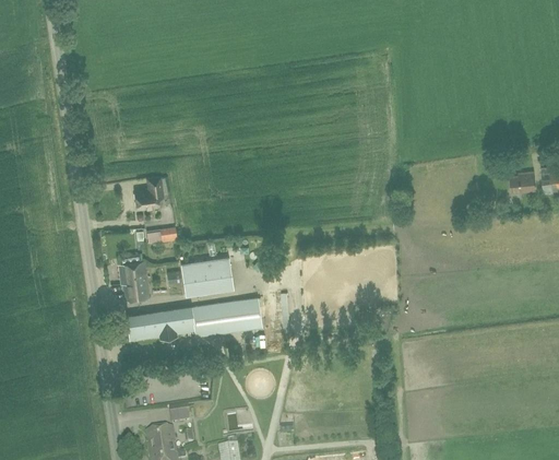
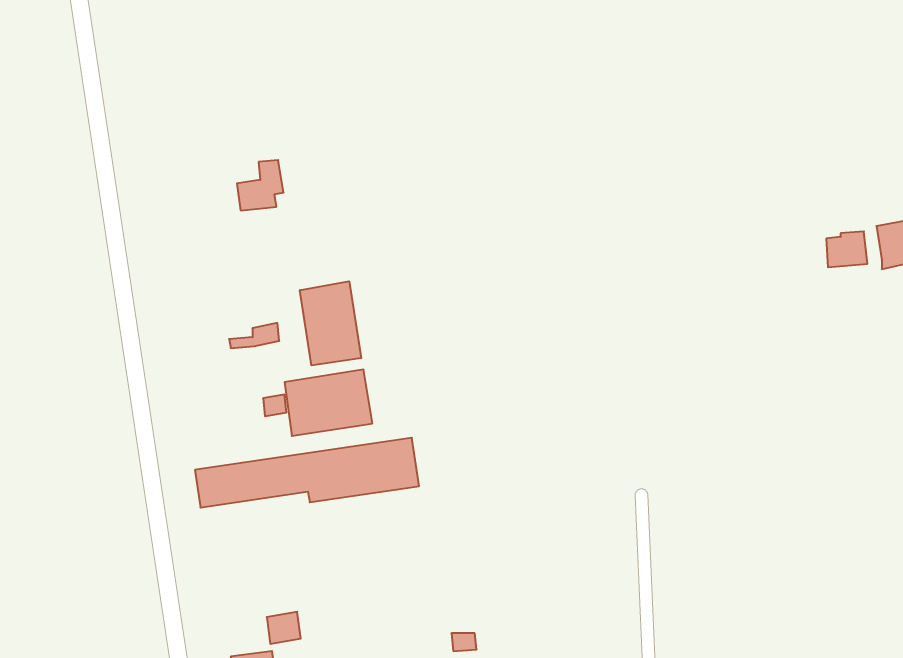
building: [134,176,163,207] -> [237,160,284,210]
building: none -> [300,281,361,365]
building: [118,259,148,300] -> none

